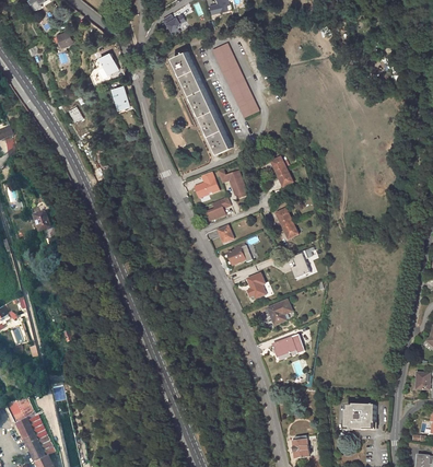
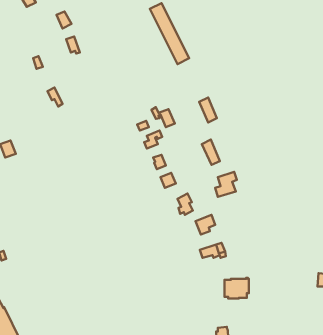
building: [174,51,235,154] -> none
building: [347,405,376,430] -> [225,278,249,299]

